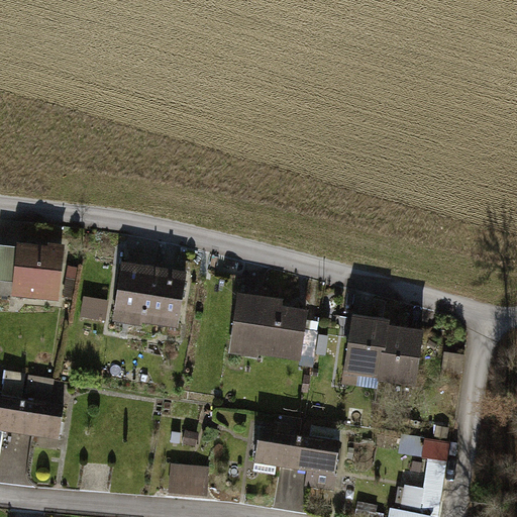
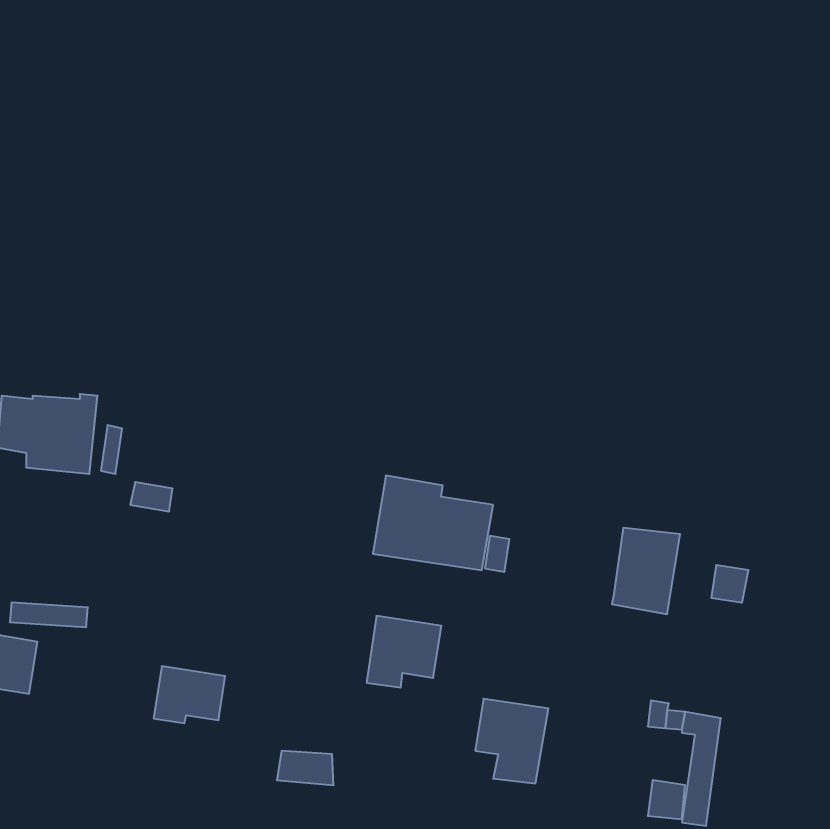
building: [115,264,185,323] -> none
building: [342,317,388,384] -> none
building: [18,398,63,433] -> [154,666,225,723]
building: [253,427,300,472] -> [367,616,441,688]

